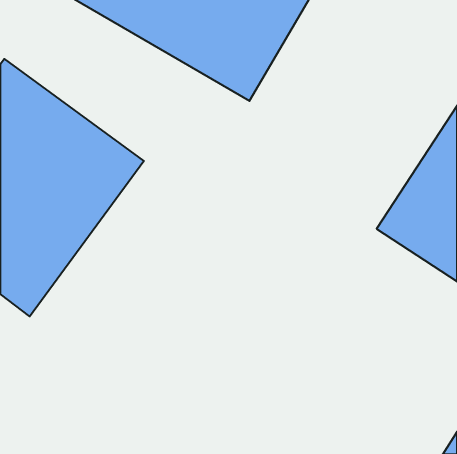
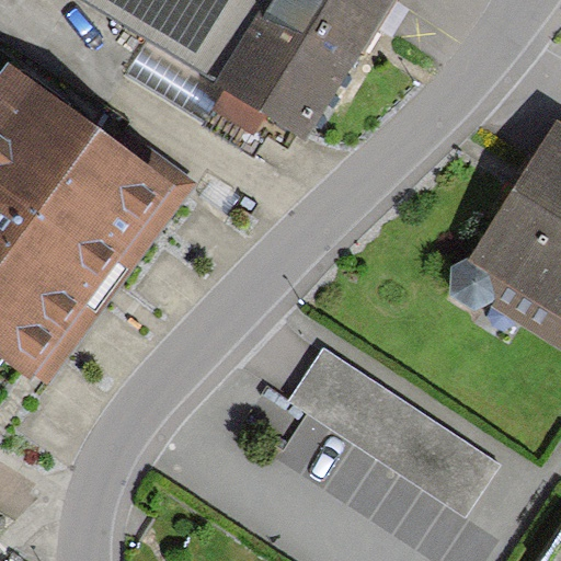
building: none -> [293,348,500,512]

